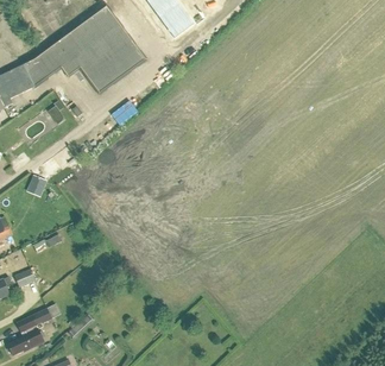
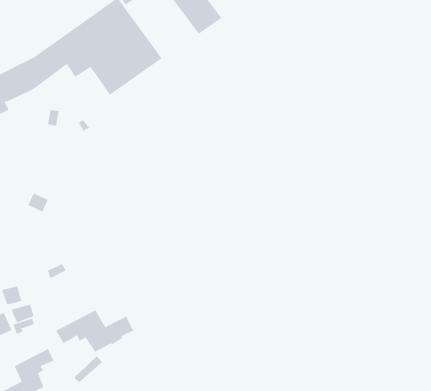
building: none -> [55,310,134,353]

